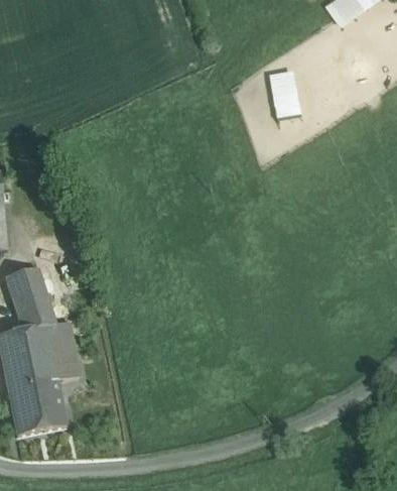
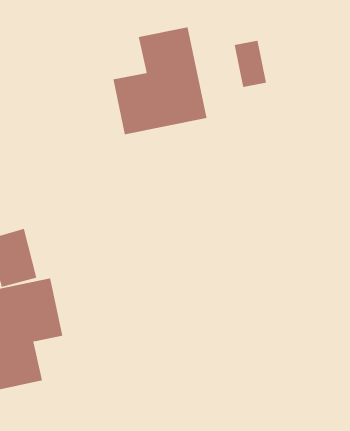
building: none -> [113,26,207,135]

